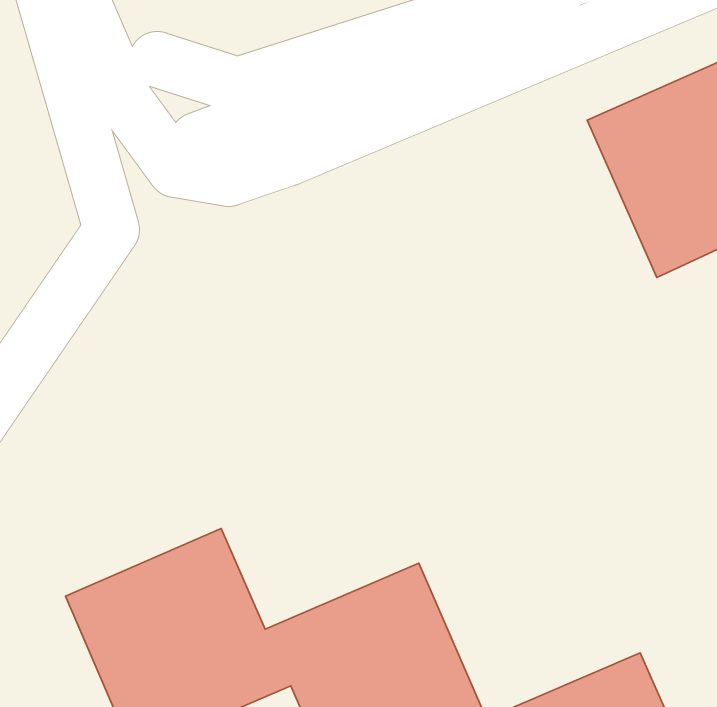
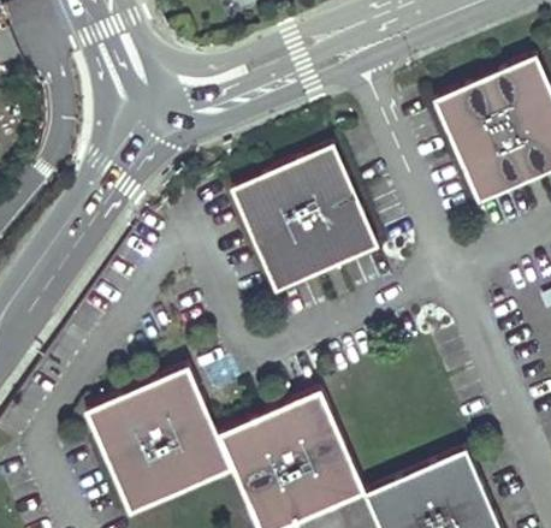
building: none -> [229,143,375,291]

